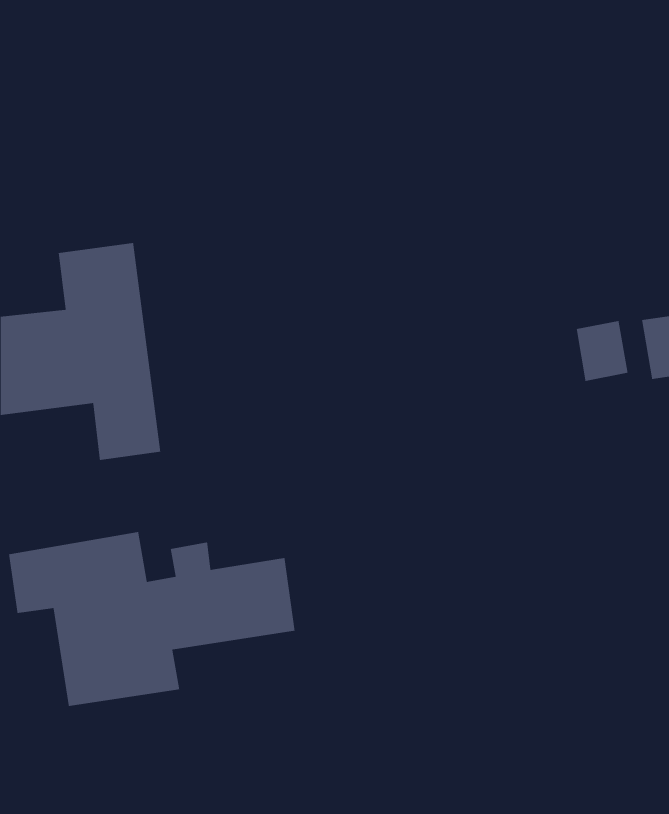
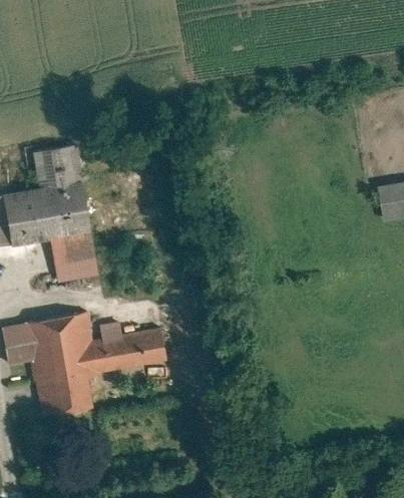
building: [576,320,628,382] -> none

